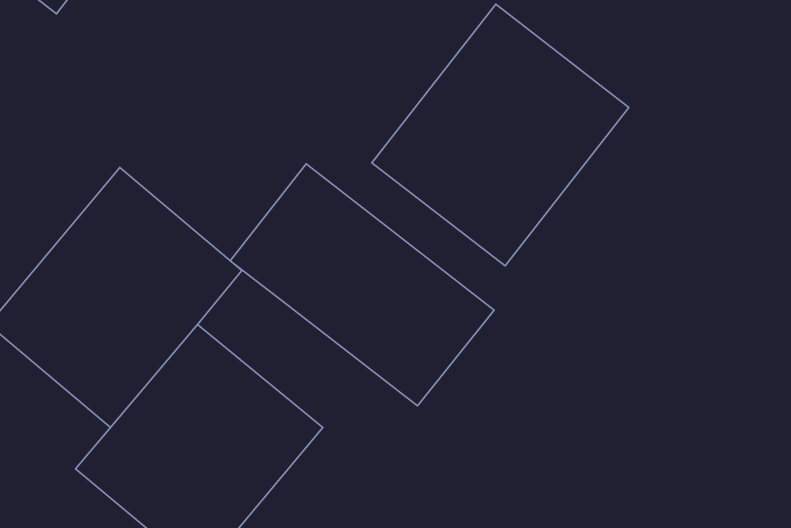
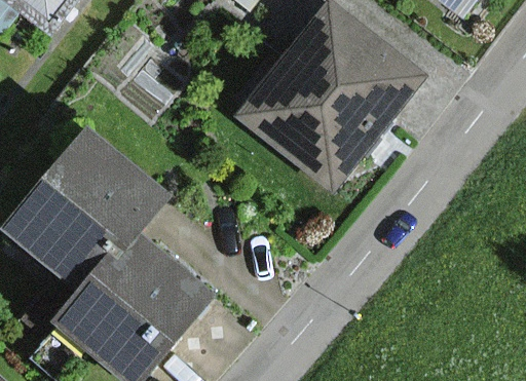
building: [230,164,494,406] -> none

